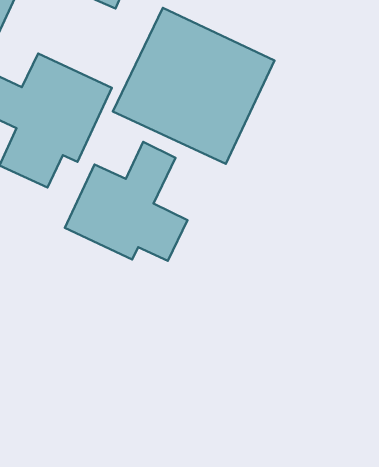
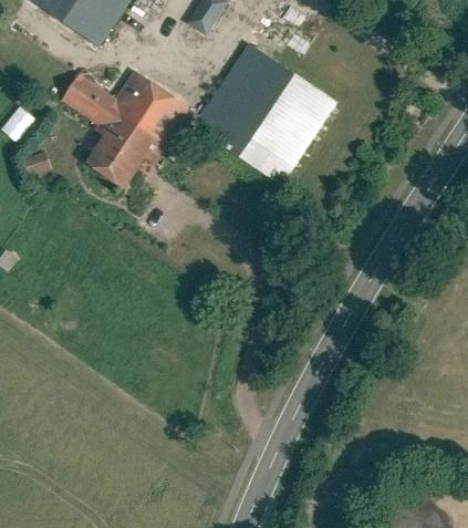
building: [65,142,188,261] -> none

